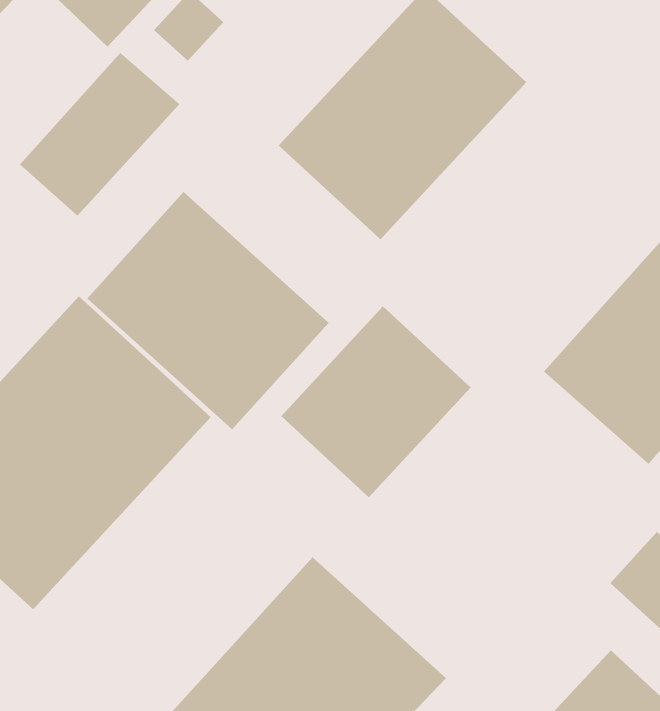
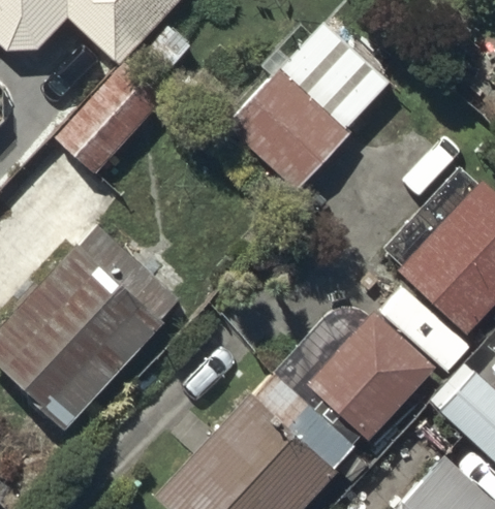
building: [86,191,330,430] -> none
building: [280,305,471,498] -> [308,314,433,440]

